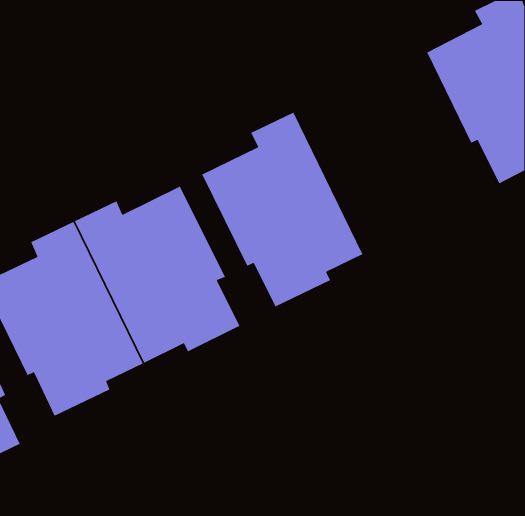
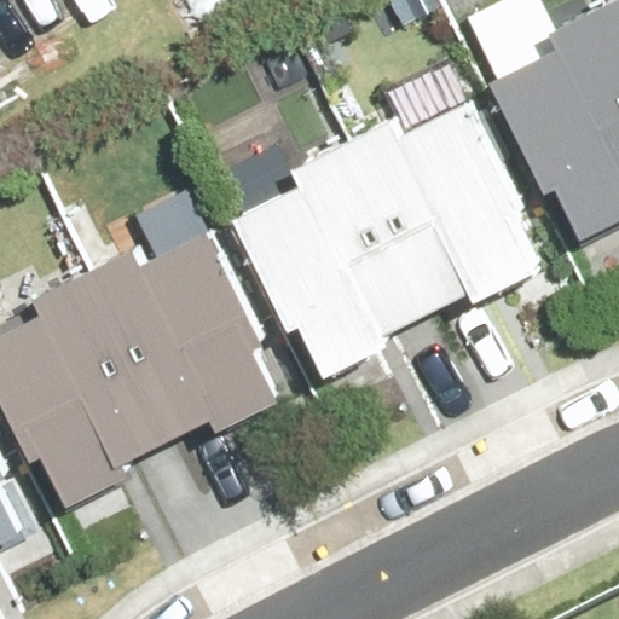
building: none -> [341,108,534,314]

